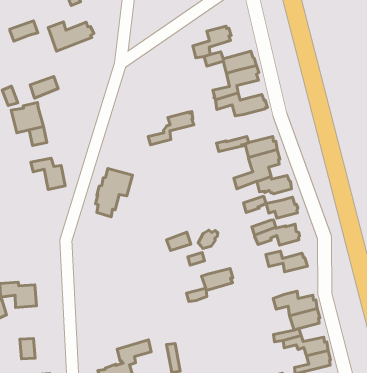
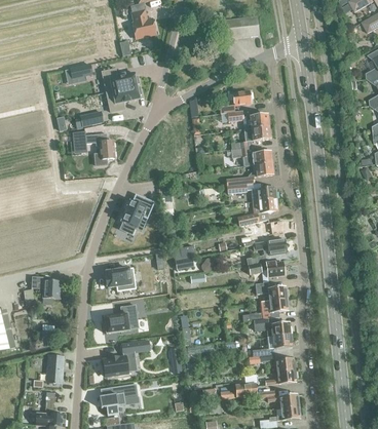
building: none -> [106,84,141,111]
building: [148,112,194,145] -> [234,163,273,186]
building: [31,158,65,190] -> [88,133,114,159]
building: none -> [105,268,136,291]
building: [187,268,233,302] -> [249,298,289,320]
building: none -> [103,305,138,333]

